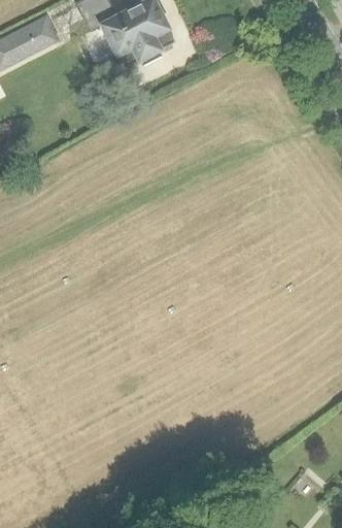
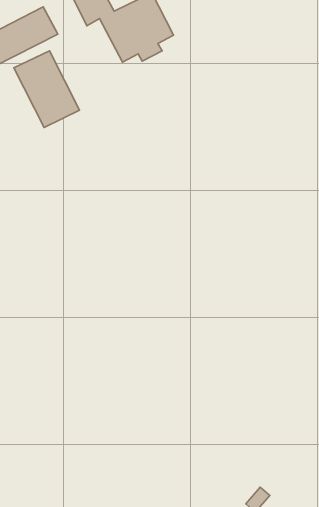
building: none -> [14,51,80,128]

